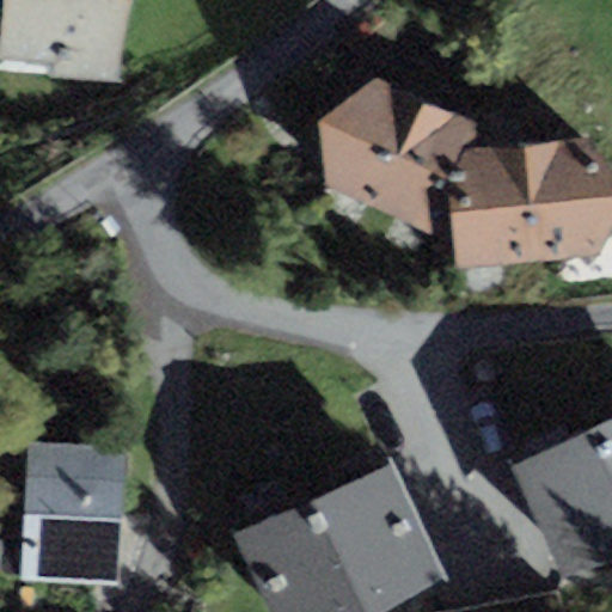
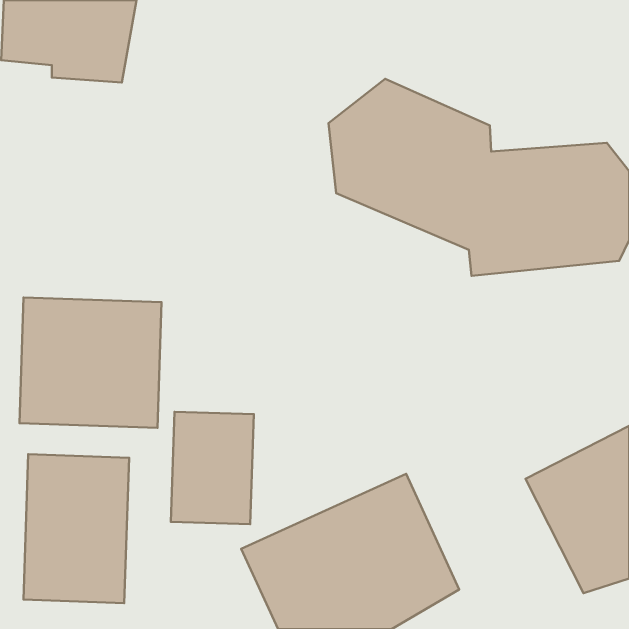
building: none -> [20,297,162,428]
building: none -> [171,412,254,524]

